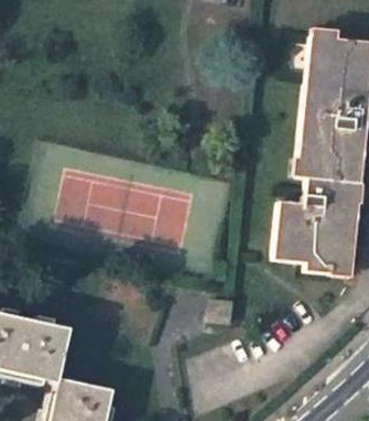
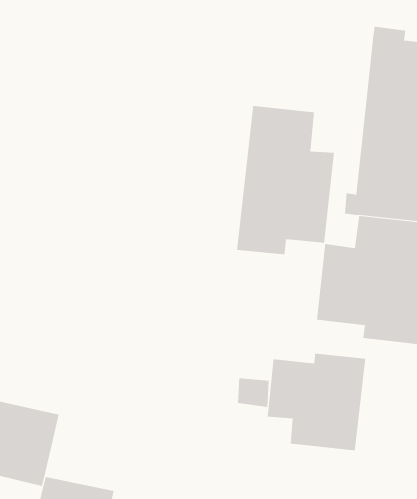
building: none -> [237,105,334,255]
building: none -> [267,353,366,451]

